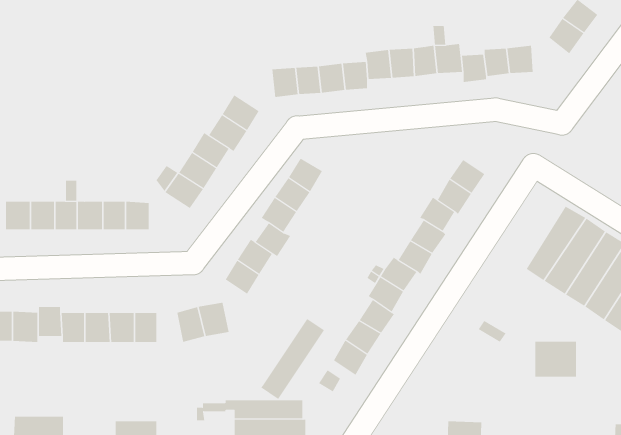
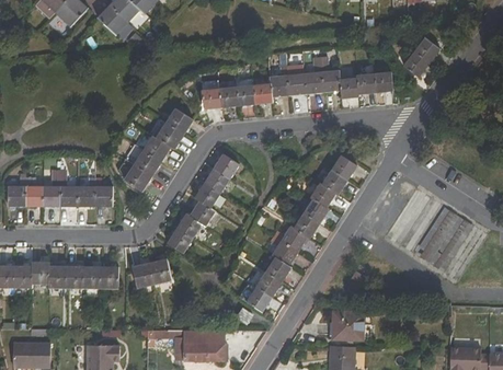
building: [260,318,325,400] -> none
building: [535,341,577,377] -> [332,312,363,338]

